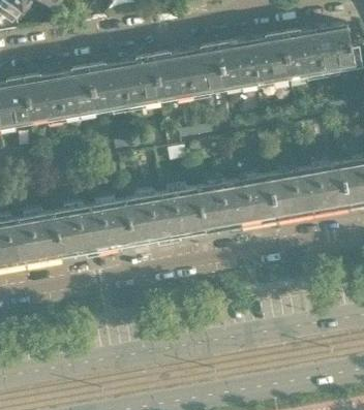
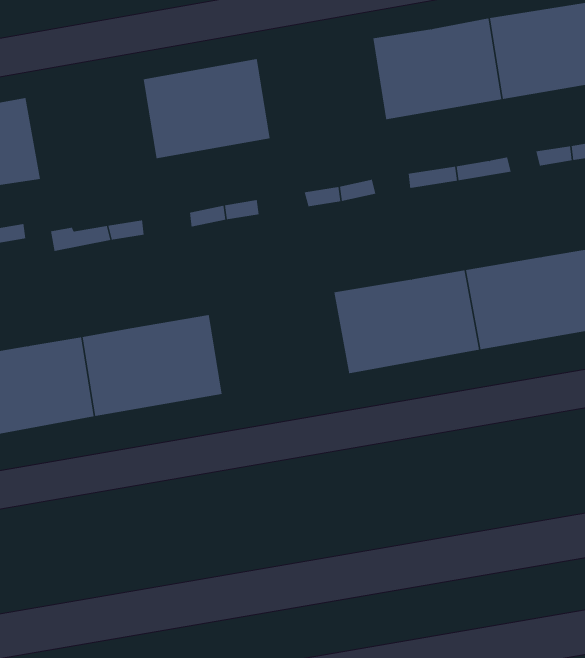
building: [153,45,224,101] -> none
building: [24,68,96,124] -> none
building: [126,187,204,244] -> none

